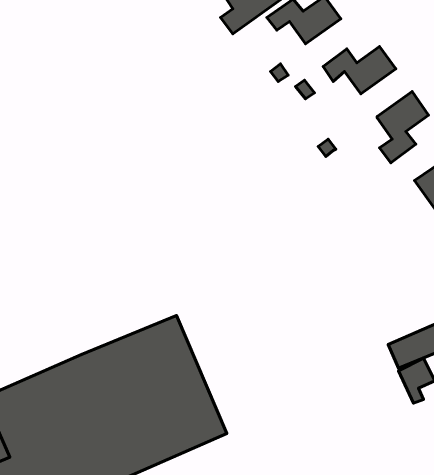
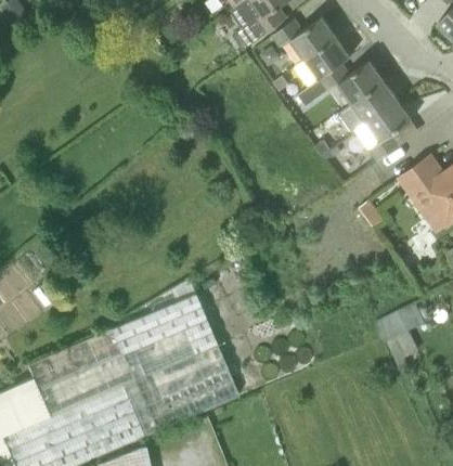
building: none -> [306,37,351,78]
building: none -> [338,80,398,133]

